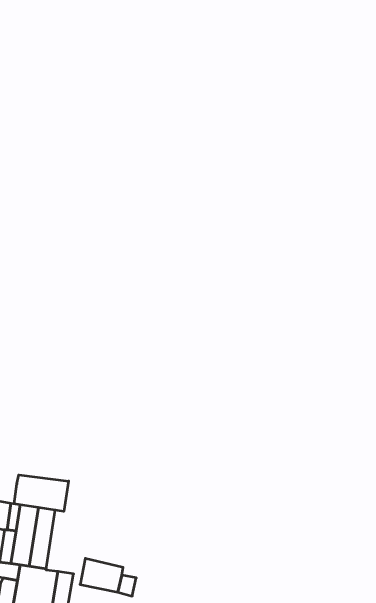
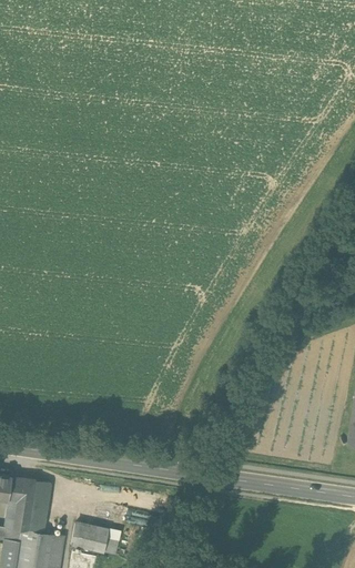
building: [14,475,69,511] -> none

